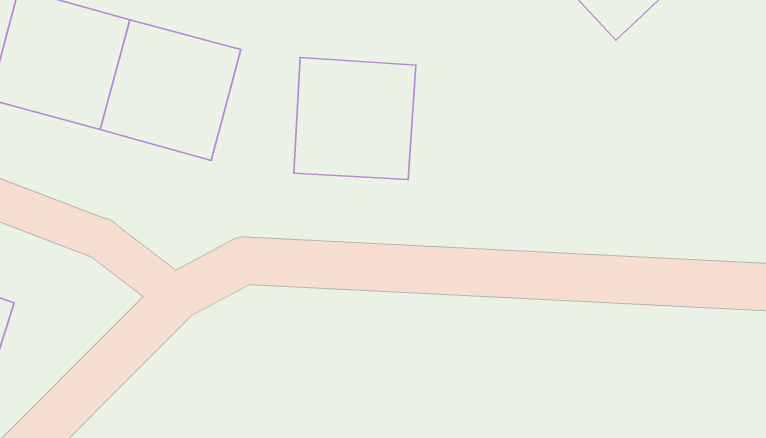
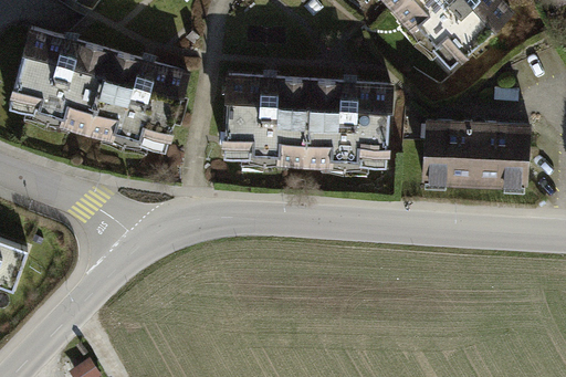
building: none -> [304,83,390,168]
building: none -> [420,119,530,185]

